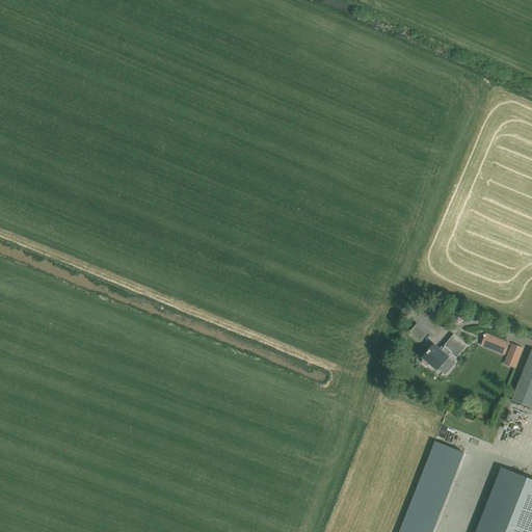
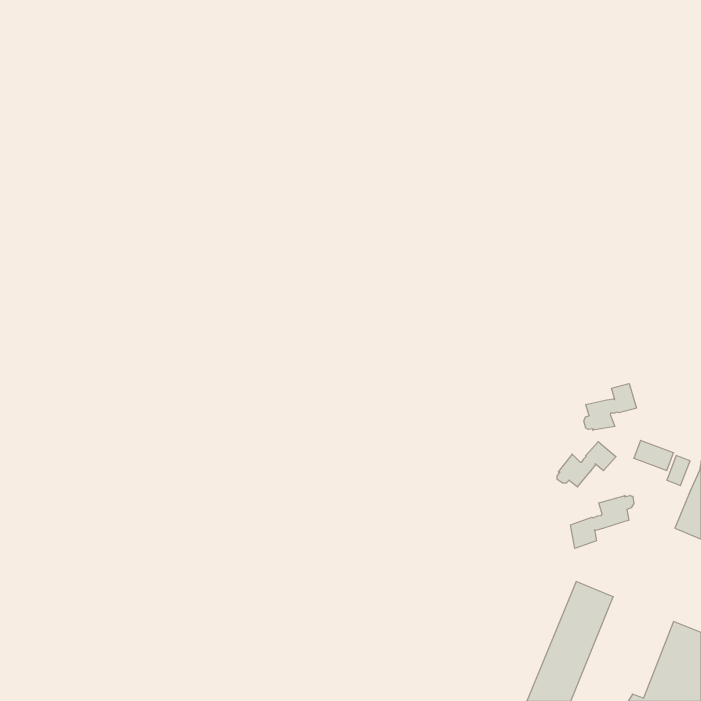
building: none -> [584,384,637,430]
building: none -> [570,495,634,548]

